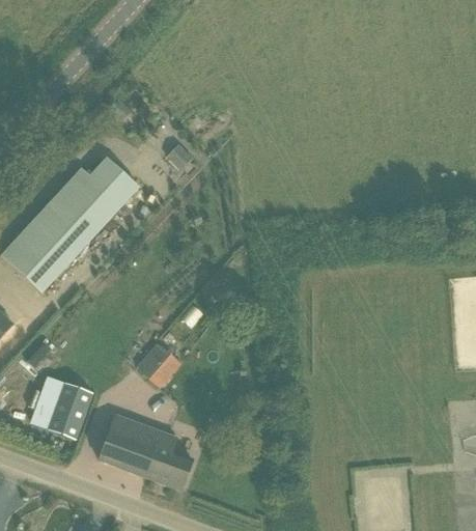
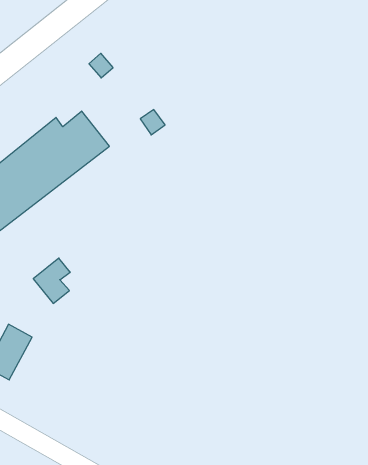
building: [135,340,173,387] -> [33,258,70,303]
building: [100,414,193,488] -> none

